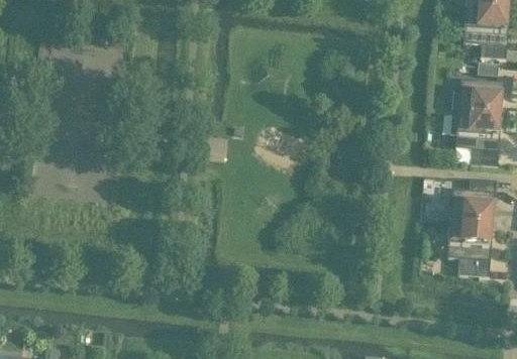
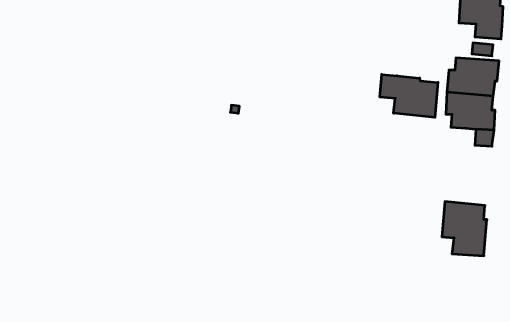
building: none -> [380,74,438,117]
building: [450,180,497,227] -> none

